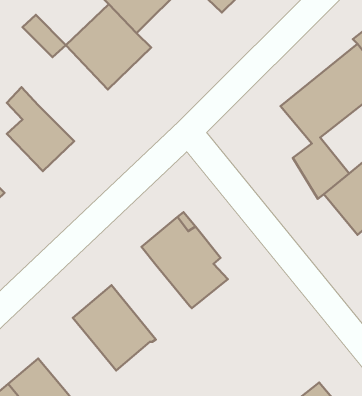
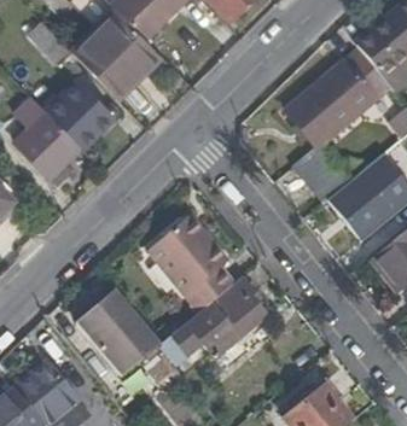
building: none -> [42,78,111,146]
building: none -> [157,280,263,367]

